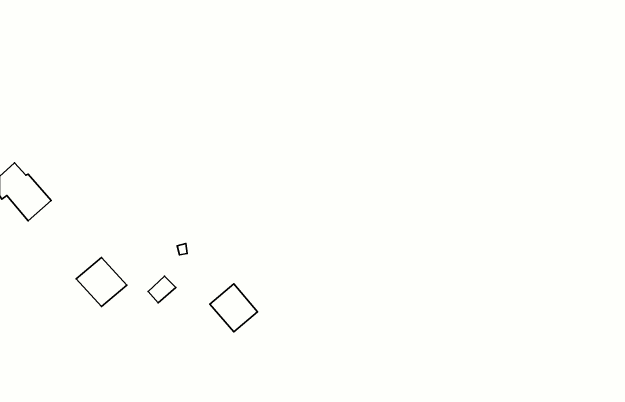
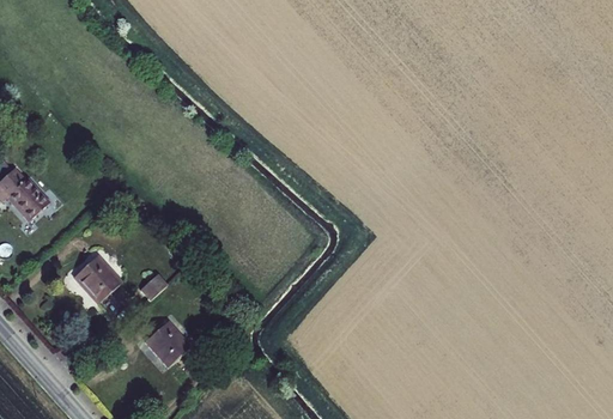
building: [210,284,258,332] -> [145,321,190,366]

